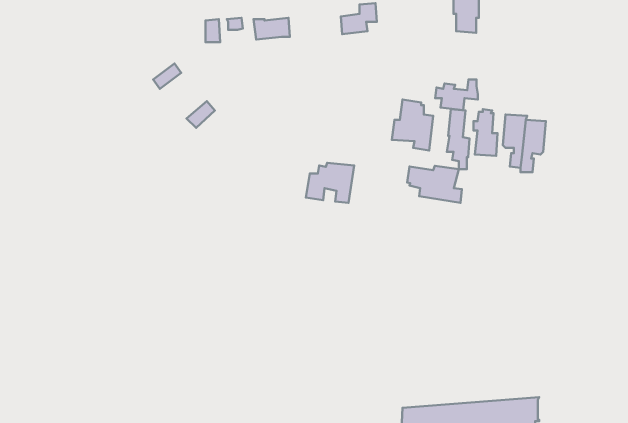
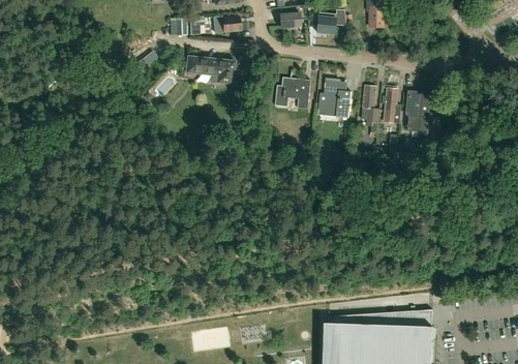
building: none -> [185,56,233,83]
building: [435,79,478,110] -> [311,9,344,33]
building: [306,163,354,203] -> [273,78,310,109]
building: [407,166,462,203] -> none

